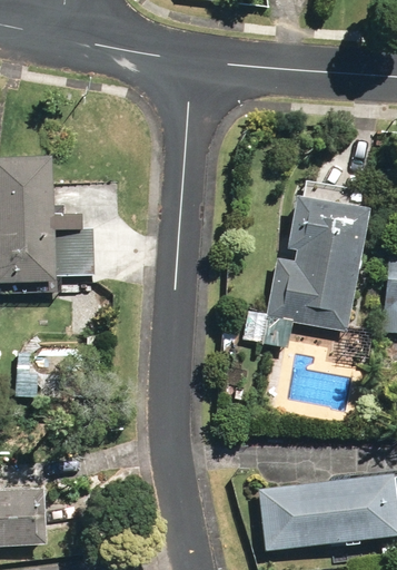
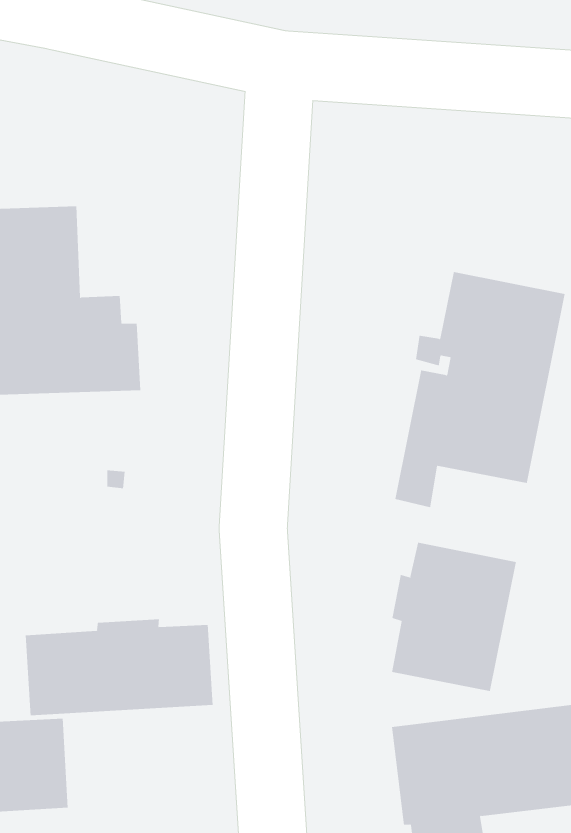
building: none -> [391,542,516,692]
building: none -> [25,619,213,716]

